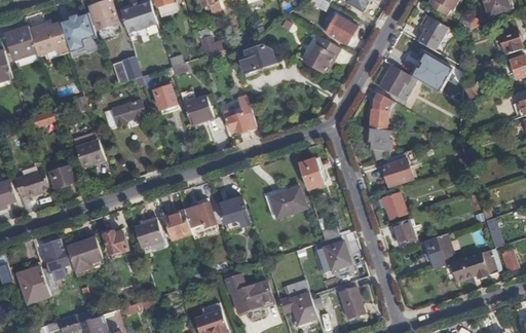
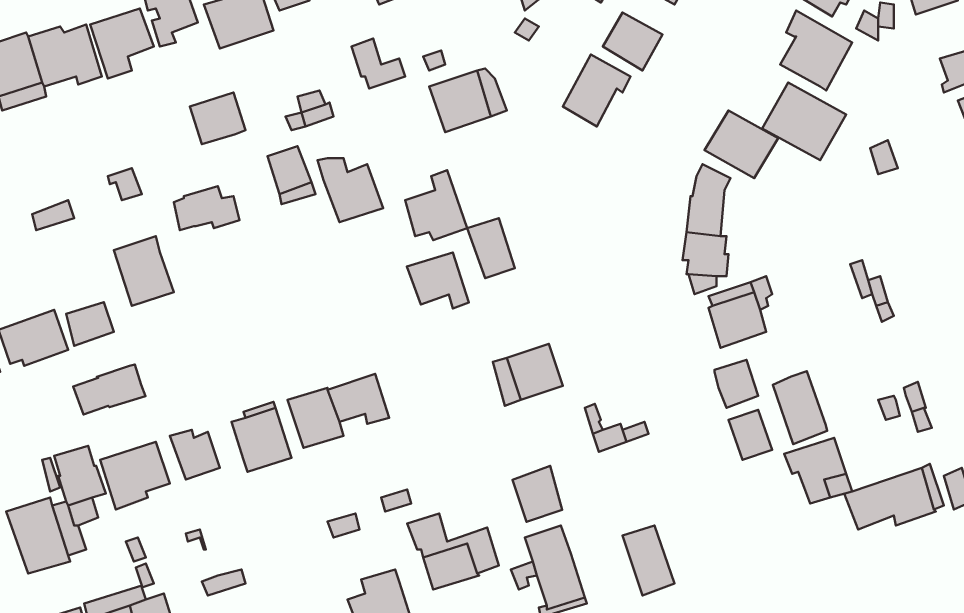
building: [298,158,323,189] -> [467,218,515,278]
building: none -> [73,364,145,414]
building: [218,196,250,225] -> [407,252,469,308]
building: none -> [773,371,827,444]
building: [324,240,349,269] -> [512,466,562,522]

